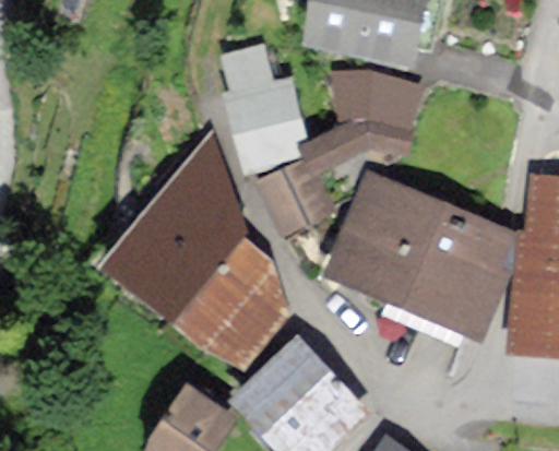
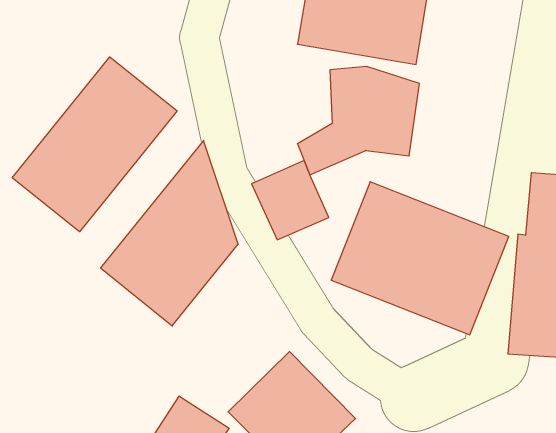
building: none -> [12,57,177,232]
building: [221,64,292,144] -> none
building: [180,239,283,361] -> none

